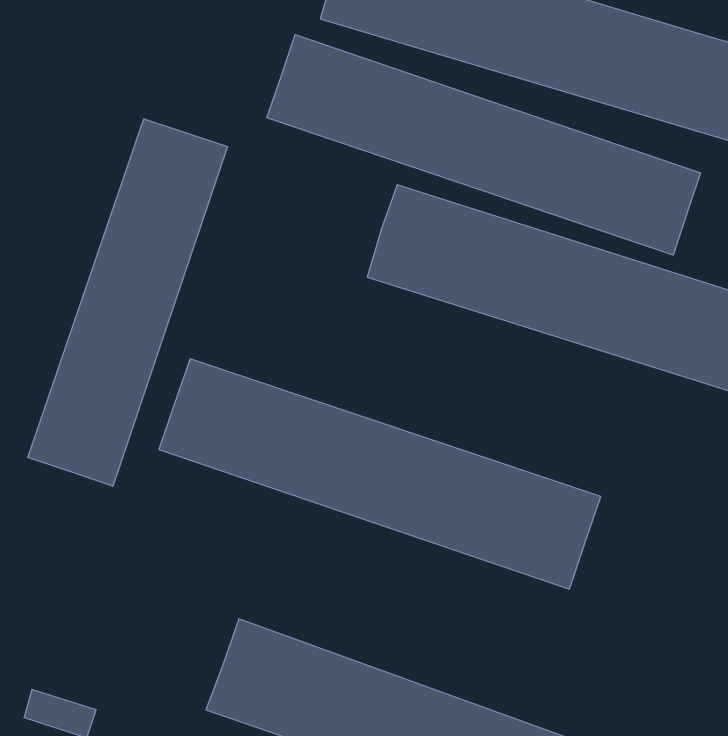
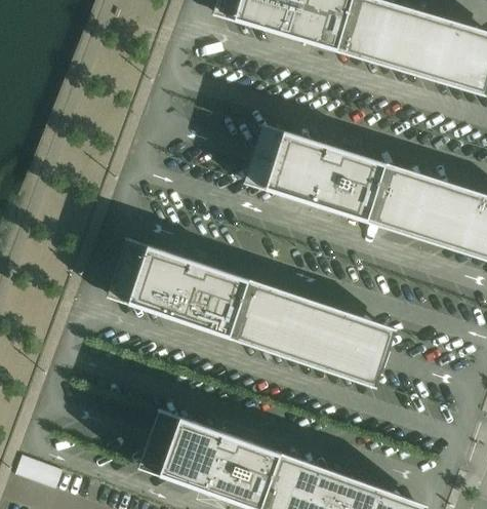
building: [267,34,700,255] -> none
building: [28,119,228,486] -> none

